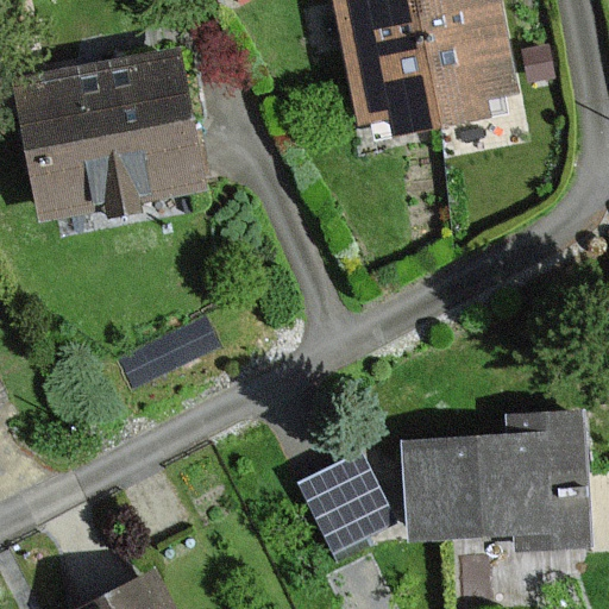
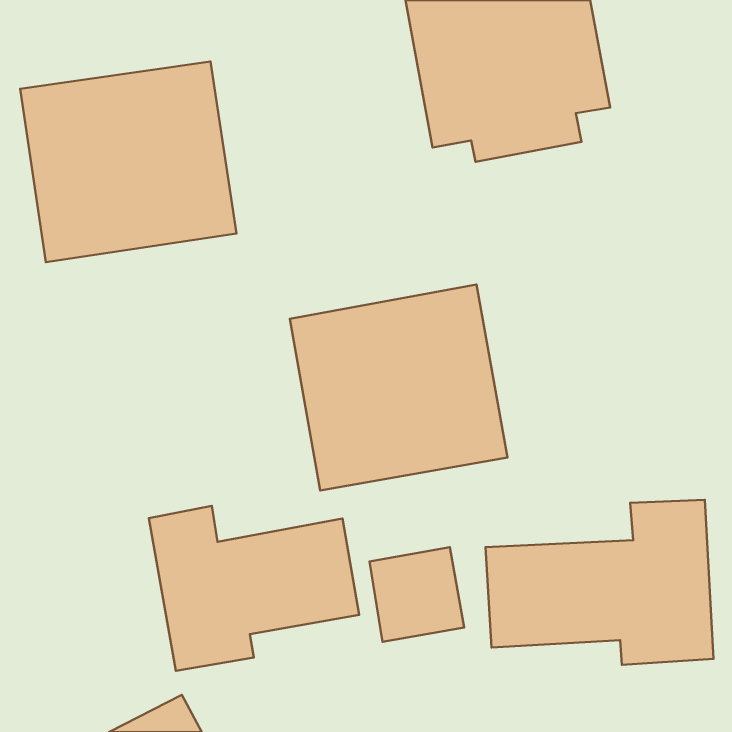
building: none -> [290,284,507,490]
building: none -> [149,506,359,671]

